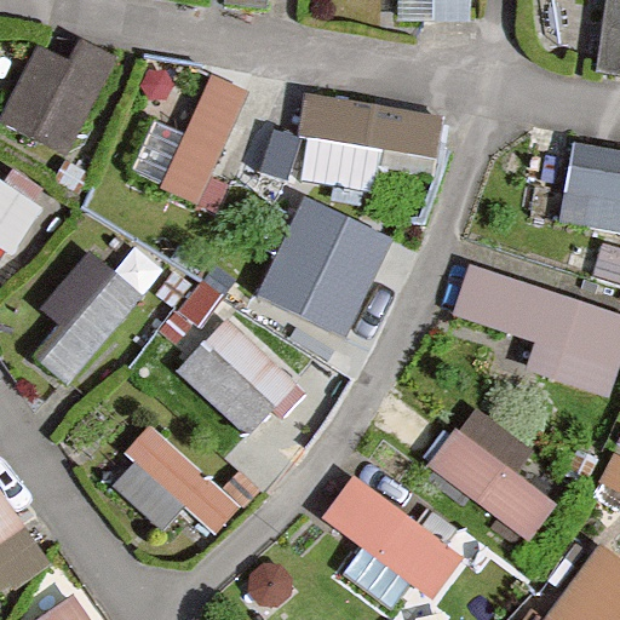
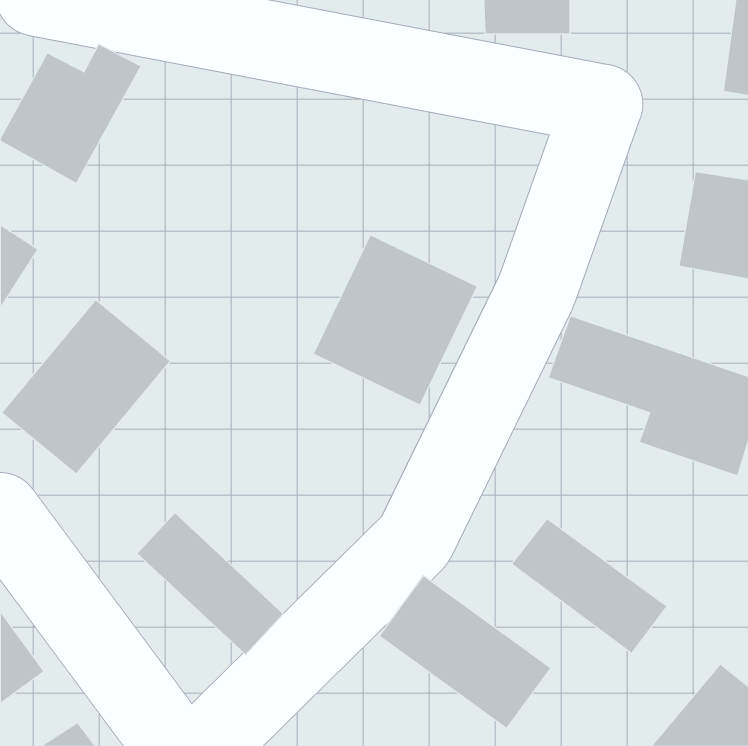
building: [156,79,247,209] -> none
building: [282,93,441,199] -> none
building: [172,320,295,441] -> none

